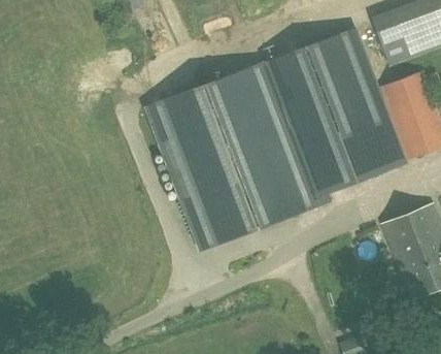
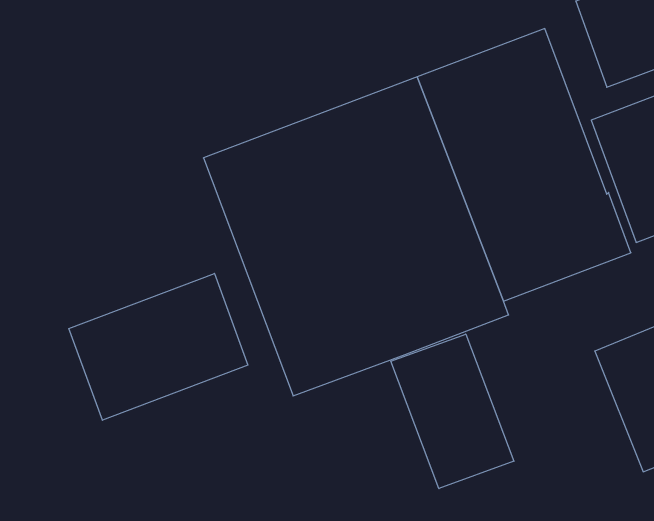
building: none -> [69,273,248,420]
building: none -> [391,334,514,489]

